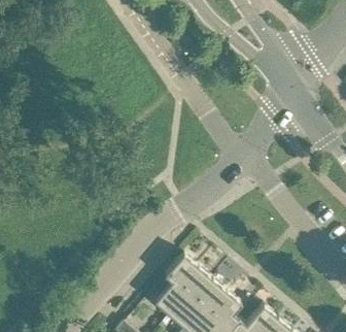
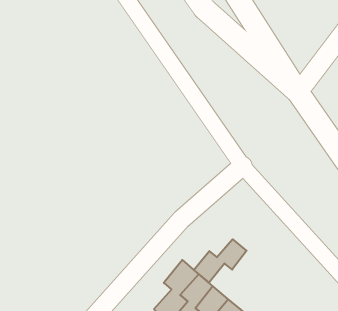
building: none -> [194,239,247,282]

